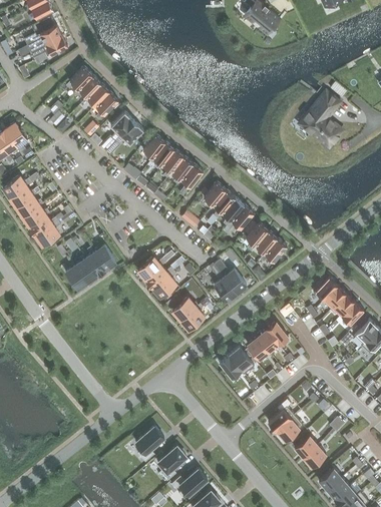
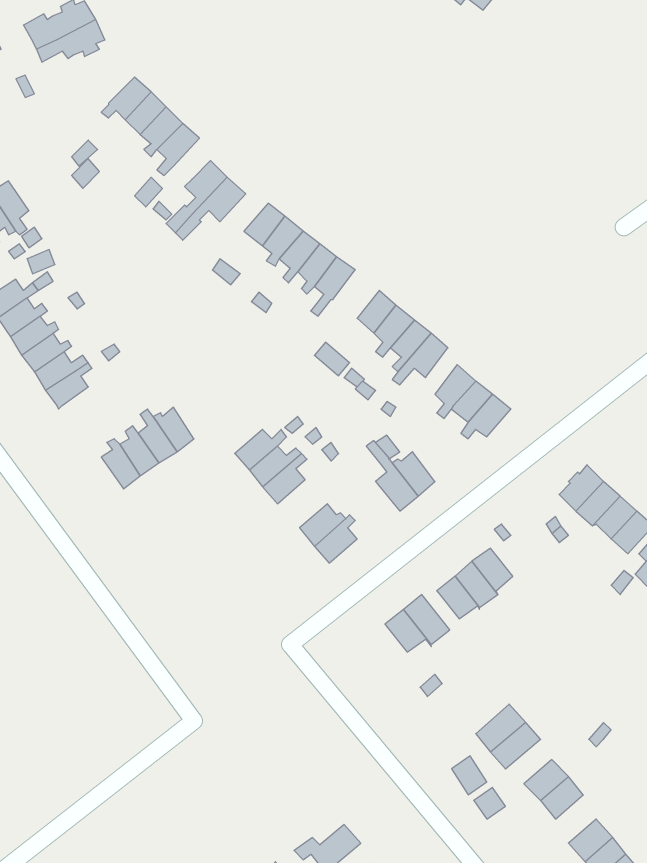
building: [299,90,343,150] -> none
building: [135,426,163,462] -> none
building: [157,446,185,481] -> none

